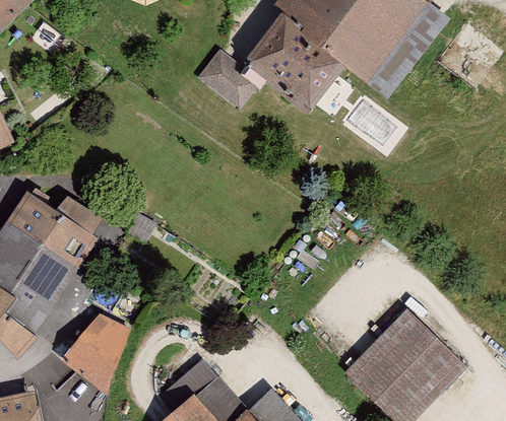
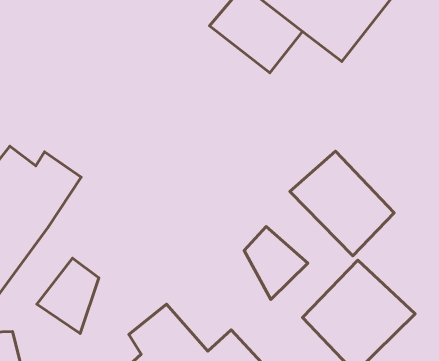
building: [194,50,259,110] -> none
building: none -> [290,151,394,256]
building: none -> [244,227,308,300]

